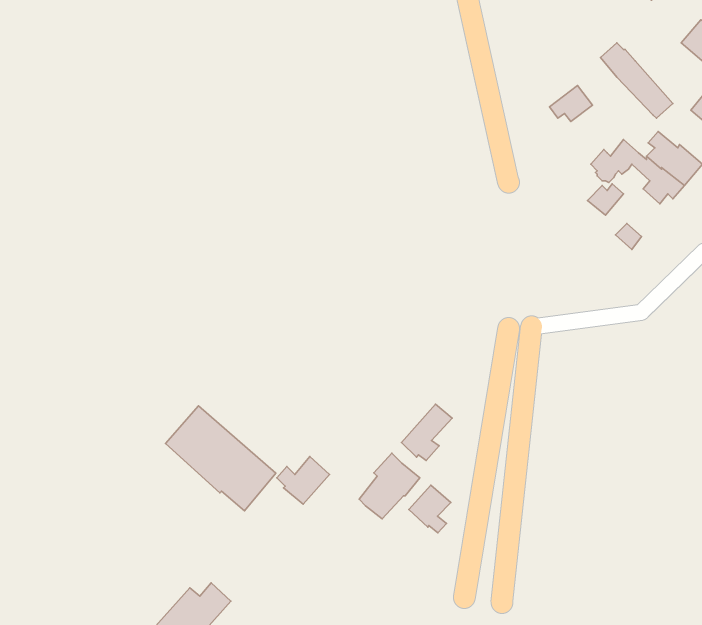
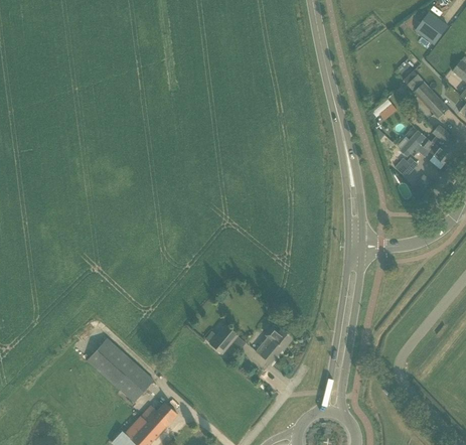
building: [401,404,452,461] -> none
building: [166,406,276,511] -> [86,338,153,403]
building: [409,485,451,533] -> none

